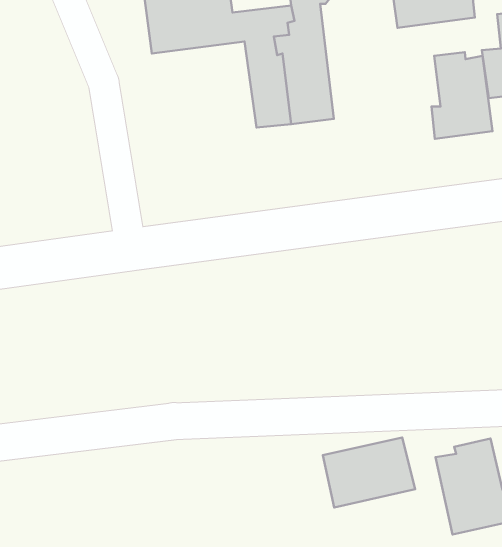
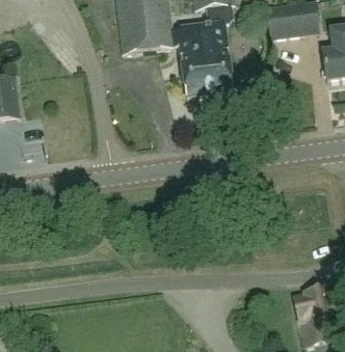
building: [431,52,493,139] -> none
building: [323,437,415,508] -> none

